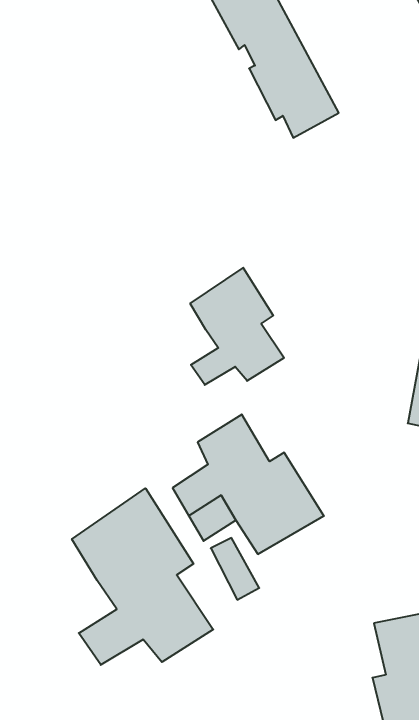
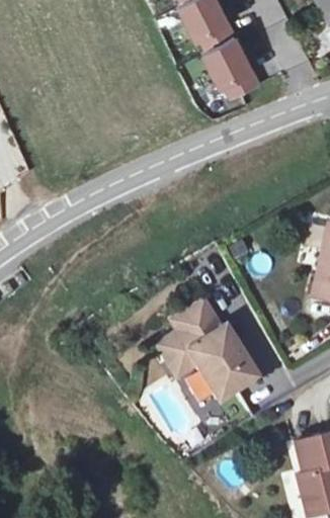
building: [190,268,284,385] -> none
building: [72,488,213,665] -> none

